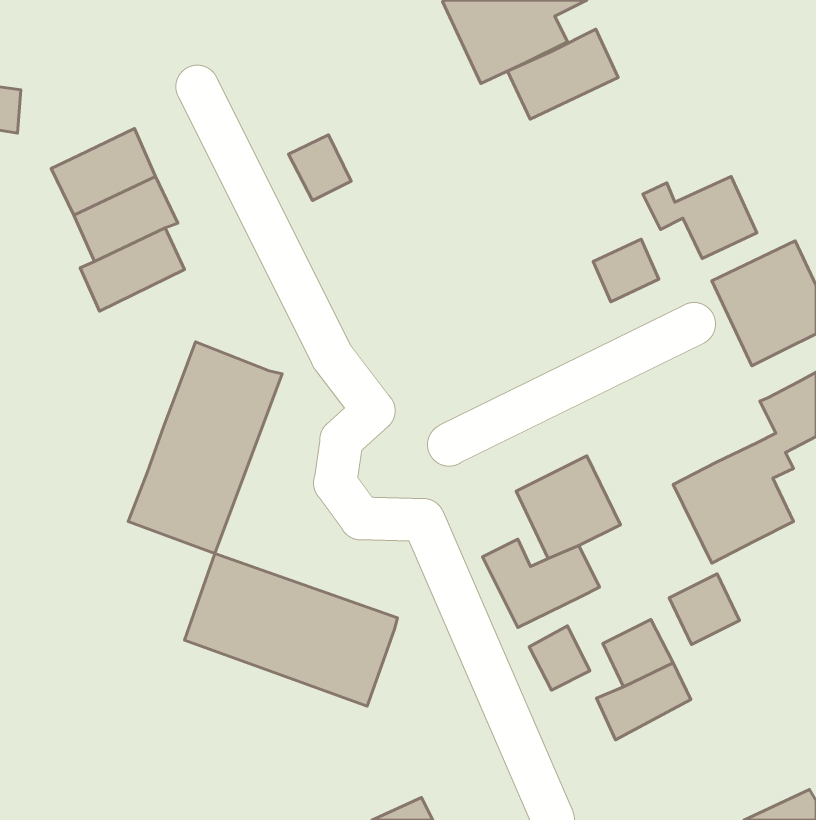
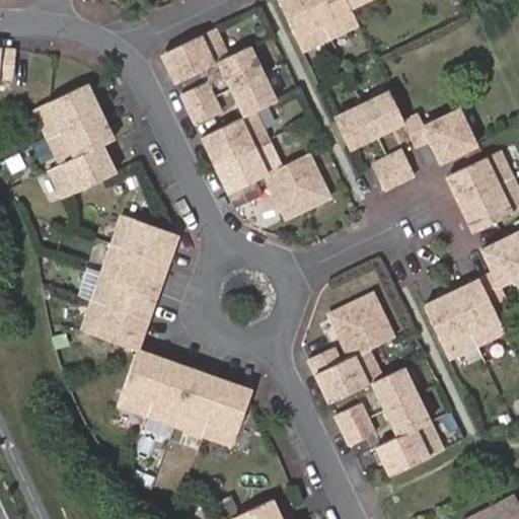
building: [508,29,618,119] -> [337,92,406,149]
building: none -> [163,31,332,223]
building: [669,574,740,644] -> [367,362,412,406]

